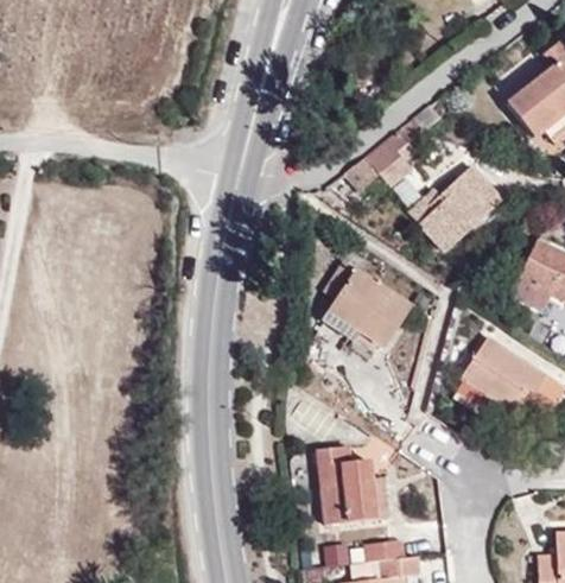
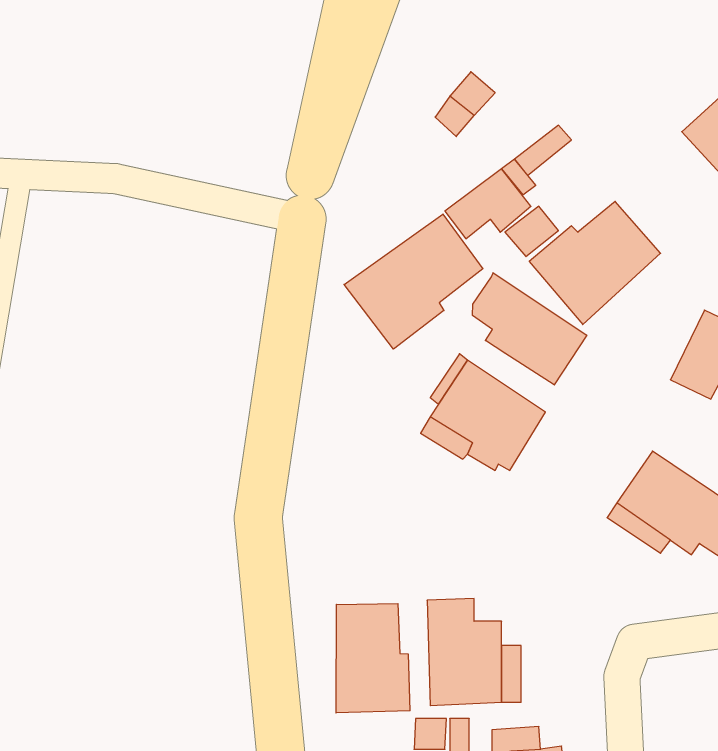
building: none -> [344,214,483,349]
building: none -> [473,273,587,385]
building: none -> [336,604,410,713]

